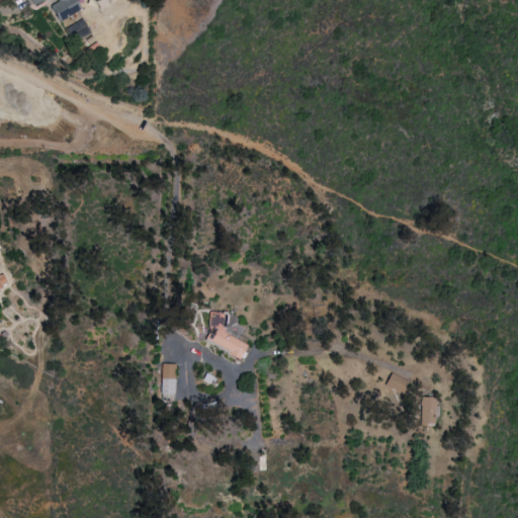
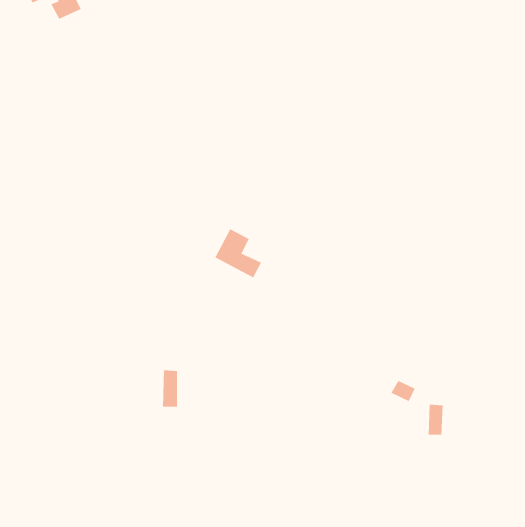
building: [203,310,250,358] -> [214,229,262,278]

